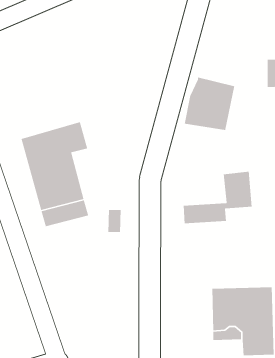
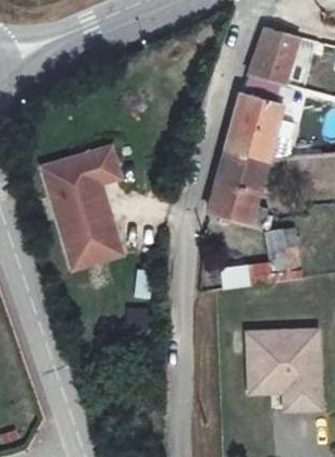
building: none -> [247,41,293,92]
building: none -> [212,157,271,228]

